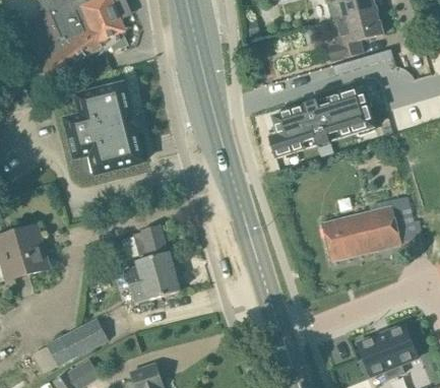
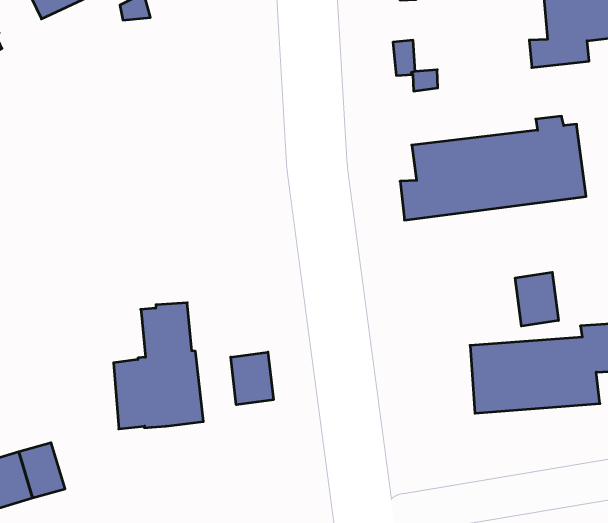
building: [65,83,143,174] -> none
building: none -> [515,272,558,326]
building: none -> [231,352,273,405]

